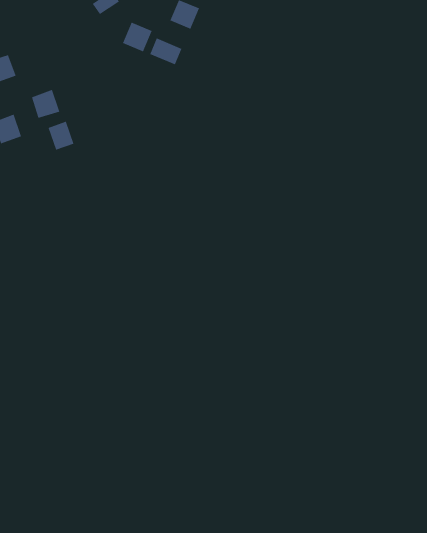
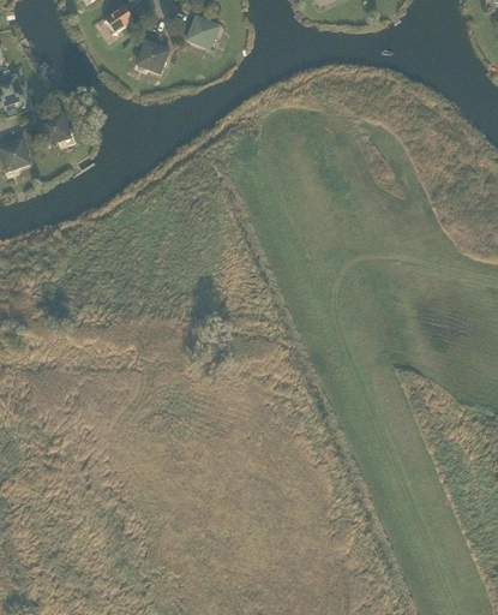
building: [150,38,182,65] -> none
building: [48,121,74,151] -> none

